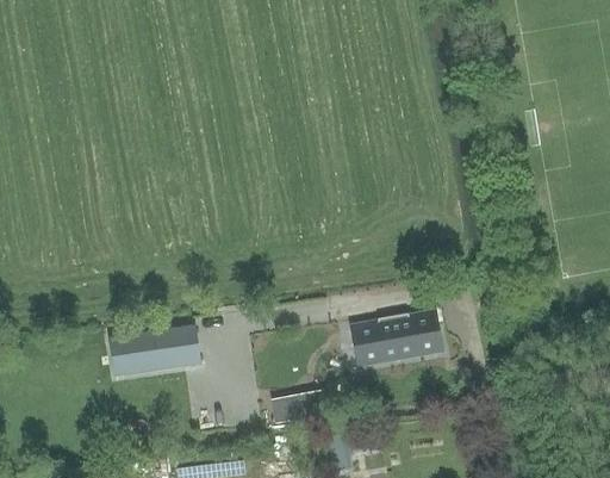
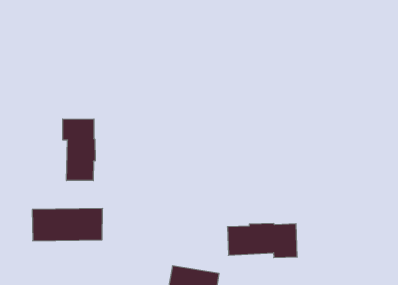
building: none -> [63,119,95,181]

